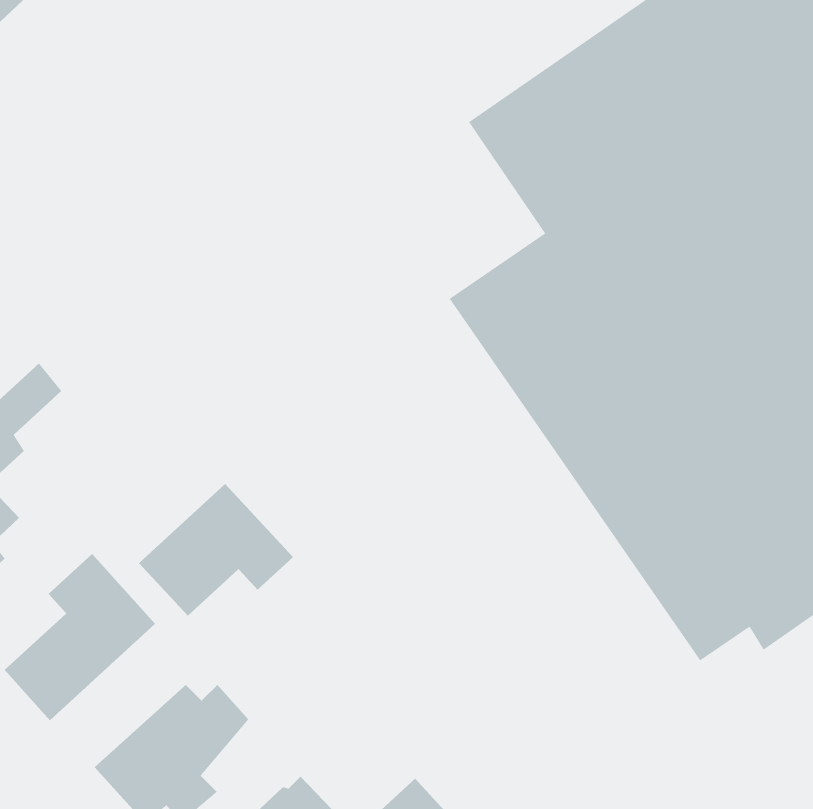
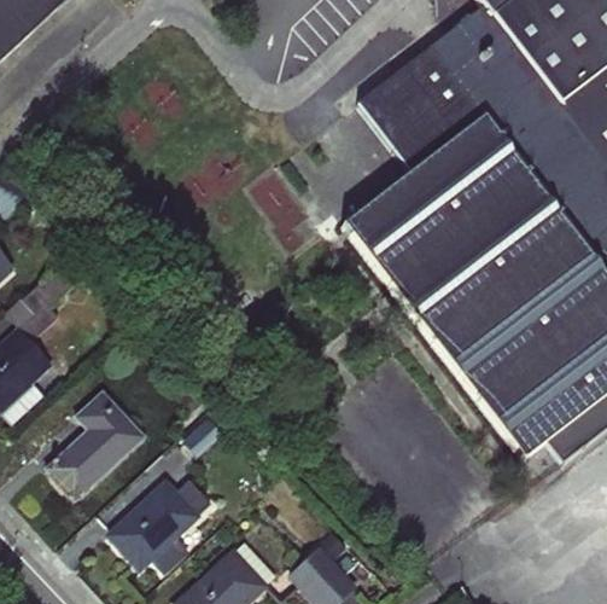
building: [138,483,294,617] -> none

